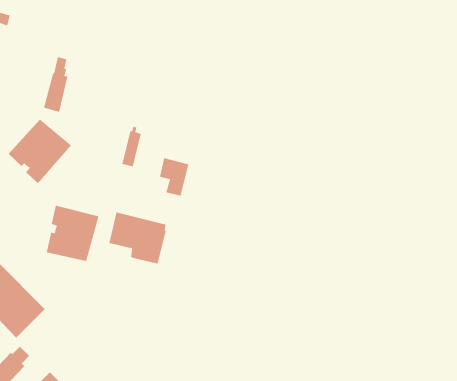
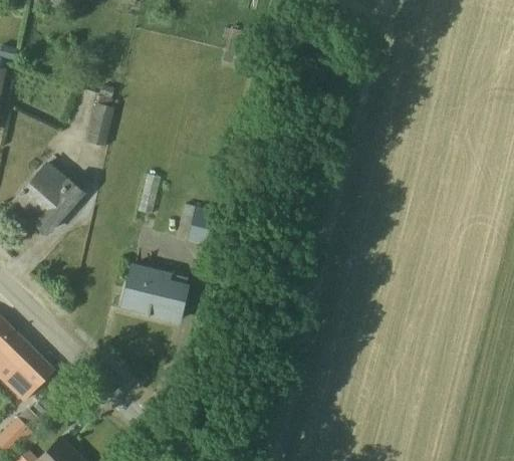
building: [43,56,68,112] -> [86,85,113,147]
building: [46,205,99,262] -> none

